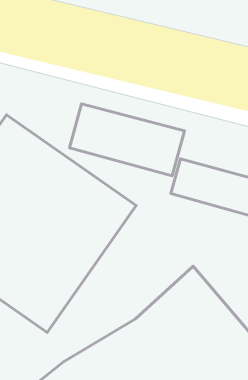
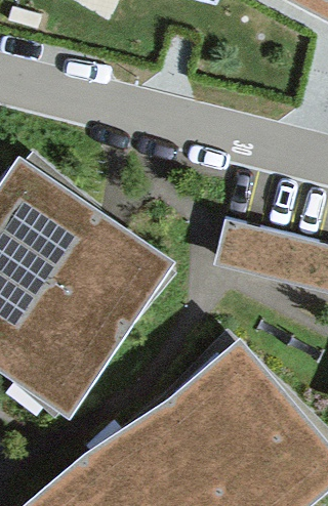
building: [69,104,185,176] -> none

